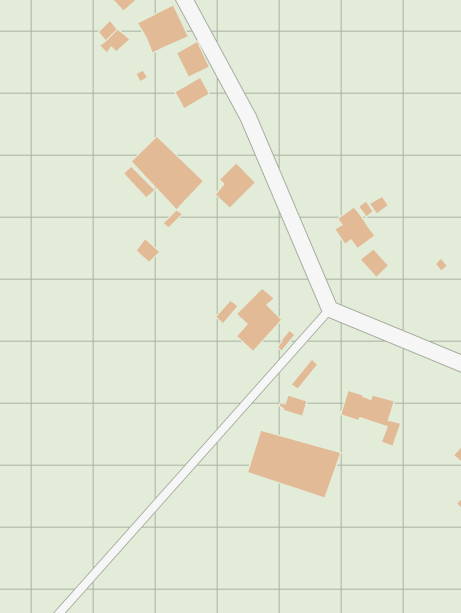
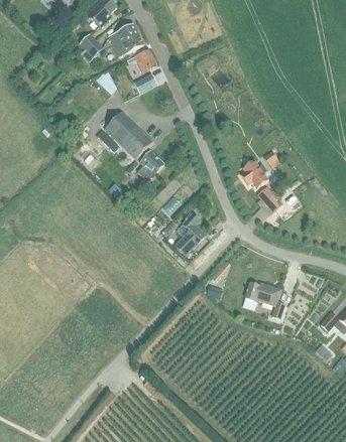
building: [215,163,256,208] -> [136,150,163,180]
building: [248,430,341,498] -> none

